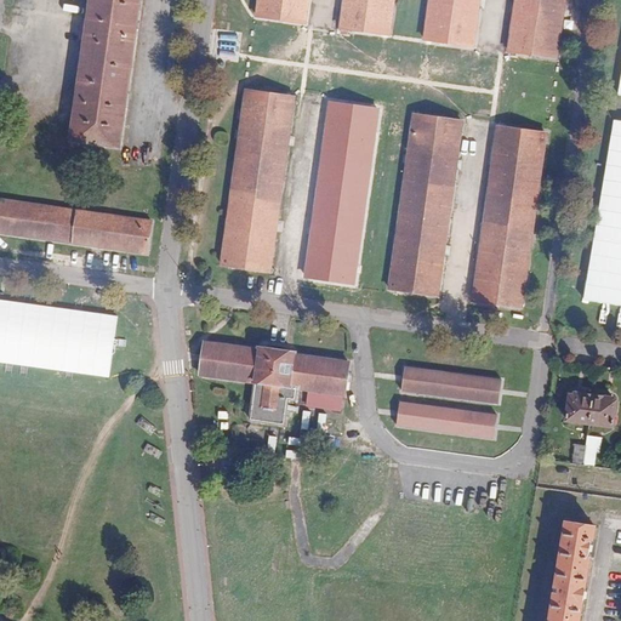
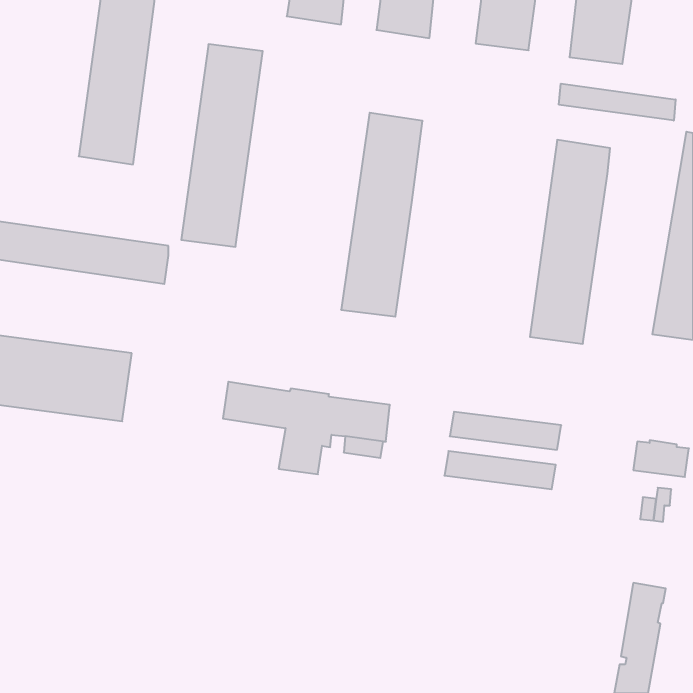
building: none -> [559,84,676,121]
building: [221,90,294,270] -> [181,44,263,247]
building: [388,114,461,296] -> none

